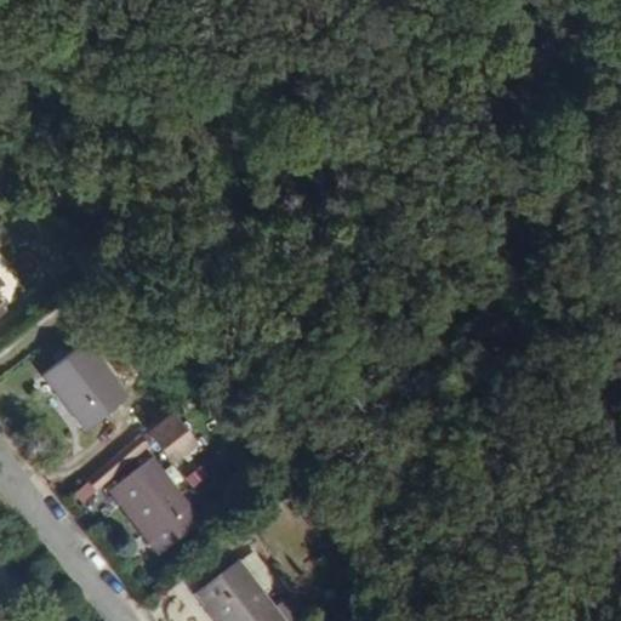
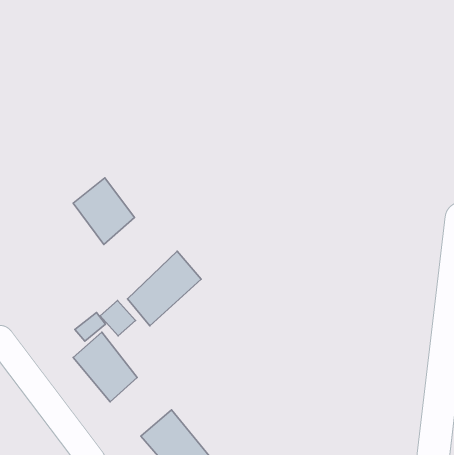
building: [45,343,127,433] -> [73,178,135,245]
building: none -> [127,251,201,326]

